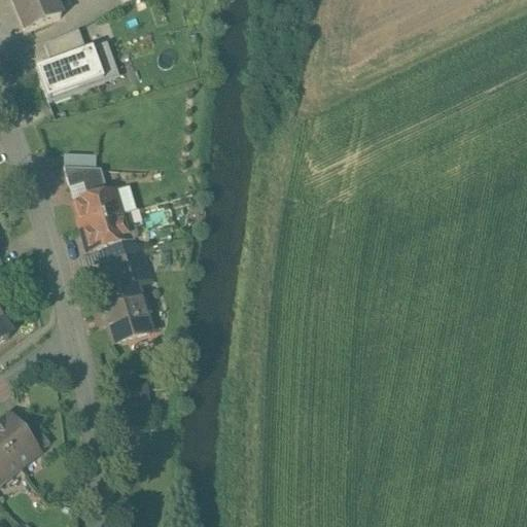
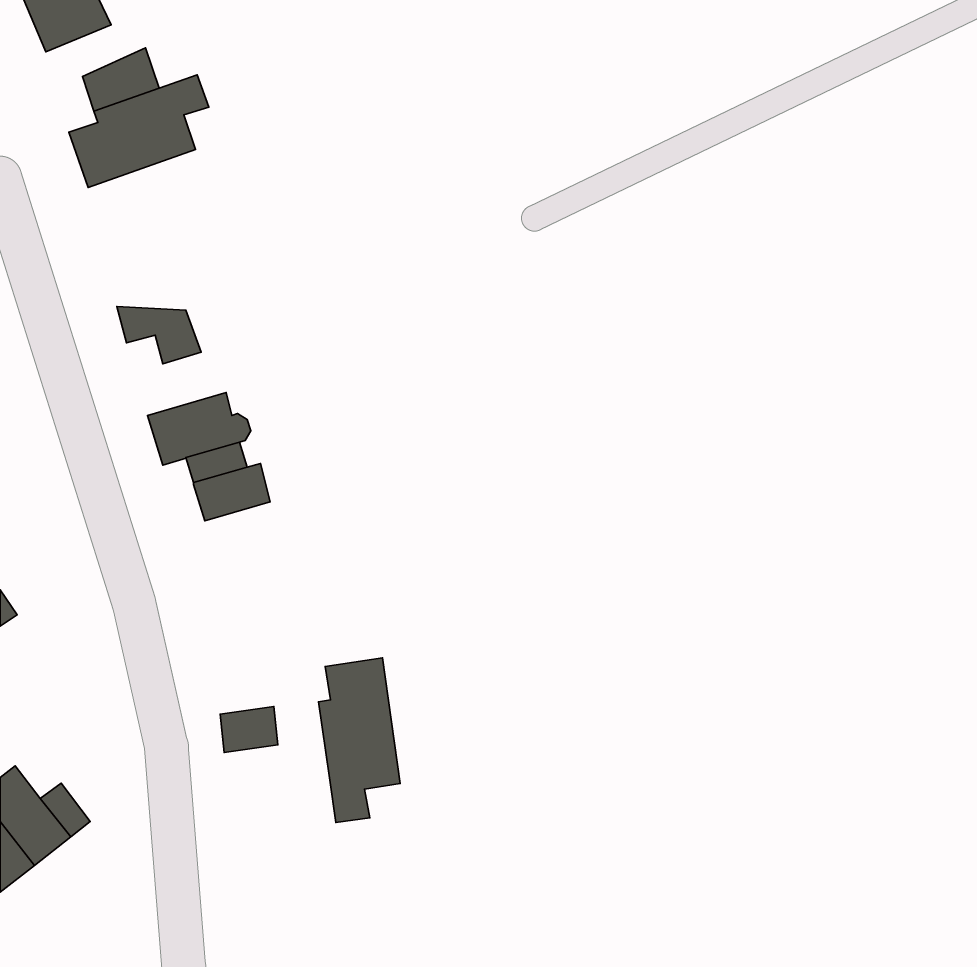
building: [74,188,122,223] -> none
building: [101,284,150,341] -> none
building: none -> [319,658,400,823]

